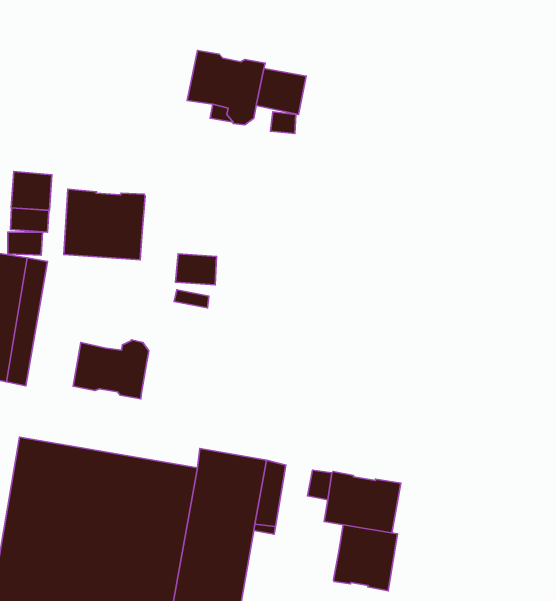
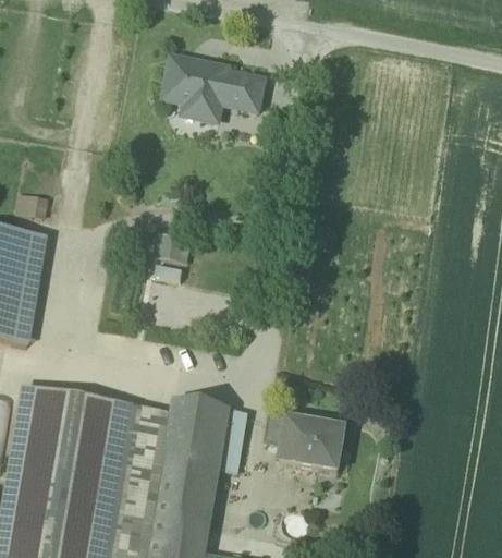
building: [11,171,52,210] -> none
building: [64,189,145,260] -> none
building: [73,340,149,399] -> none
building: [334,525,397,591] -> none

